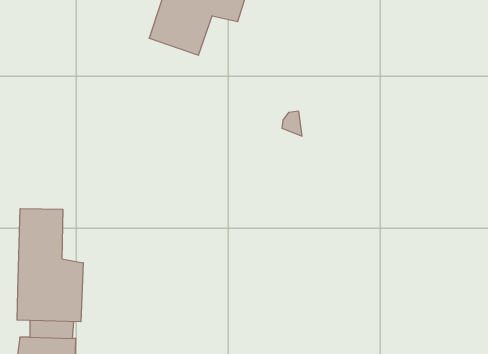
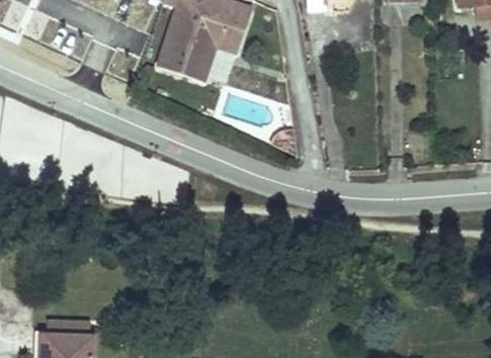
building: [17,209,83,322] -> none

